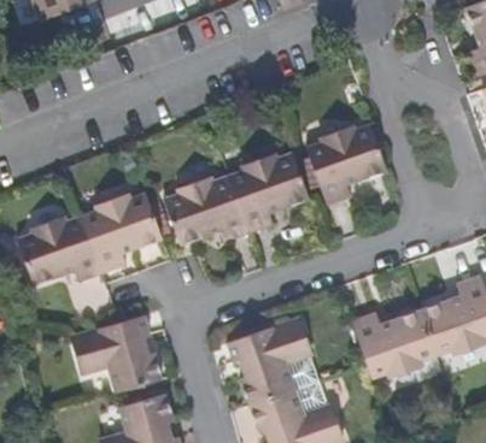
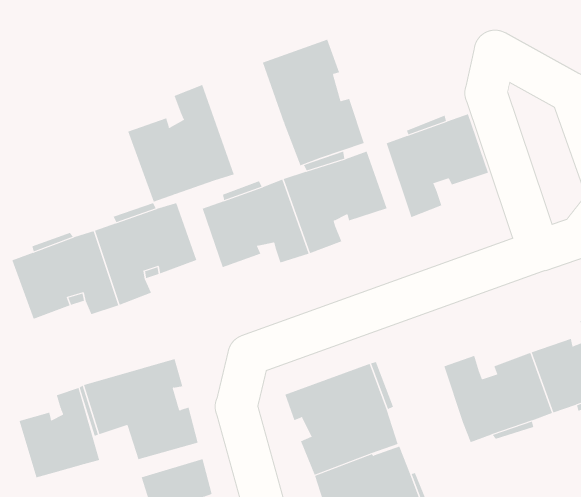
building: none -> [262,39,365,166]
building: none -> [127,84,235,202]
building: none -> [19,387,100,478]

